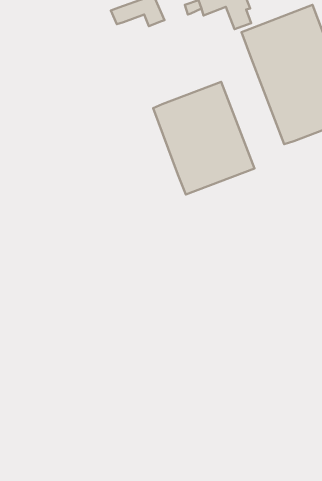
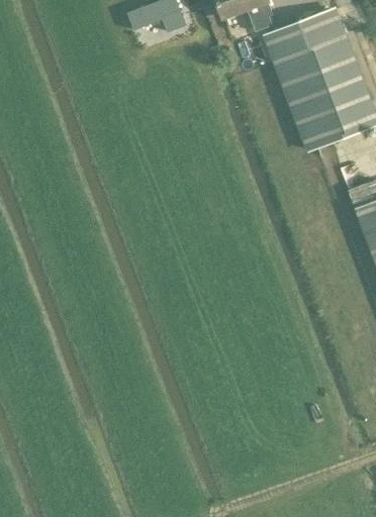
building: [153,82,254,195] -> none

